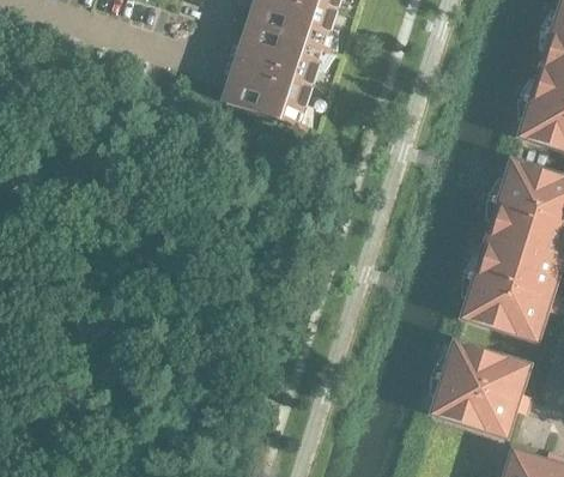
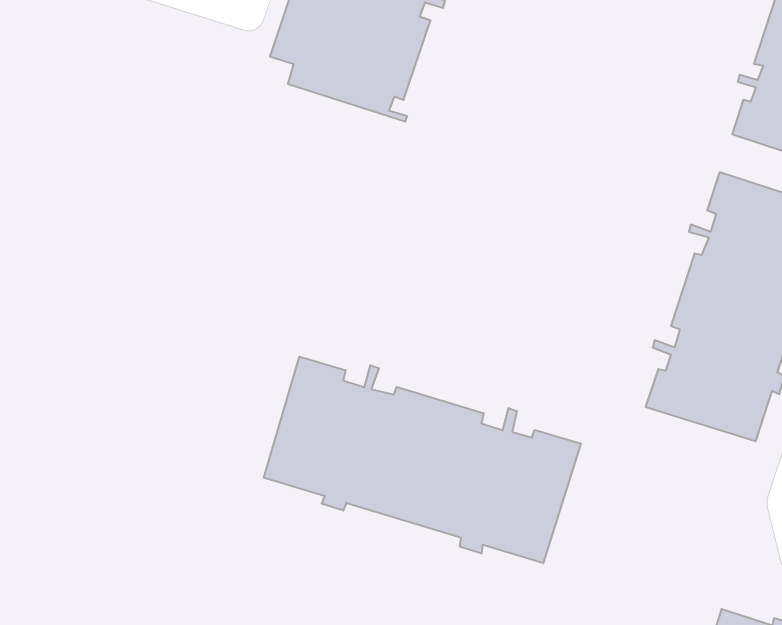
building: none -> [264,357,581,563]
building: [431,339,526,433] -> none

